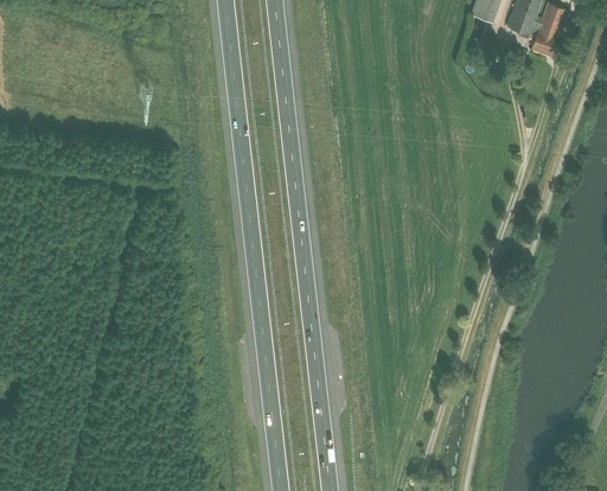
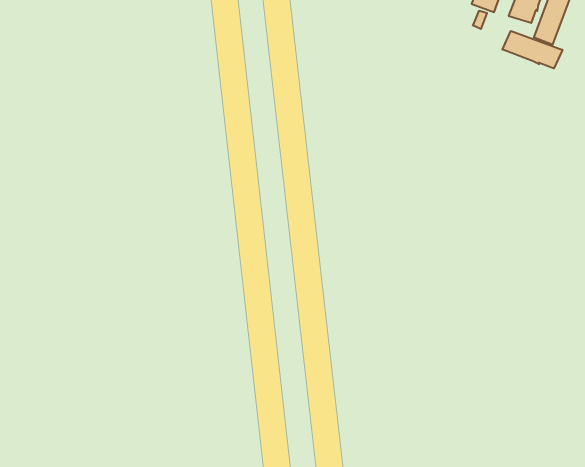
building: none -> [502,31,562,68]

